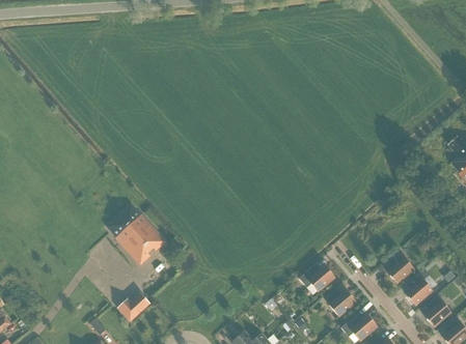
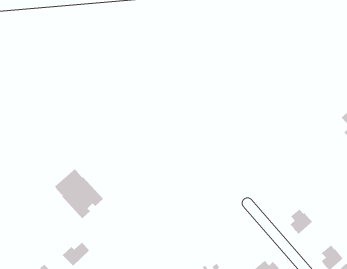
building: [299,264,334,292] -> none
building: [405,273,432,306] -> none
building: [325,289,355,316] -> none

